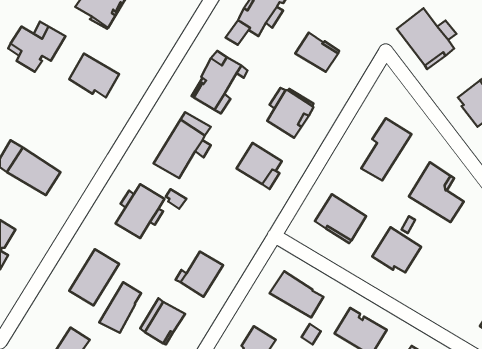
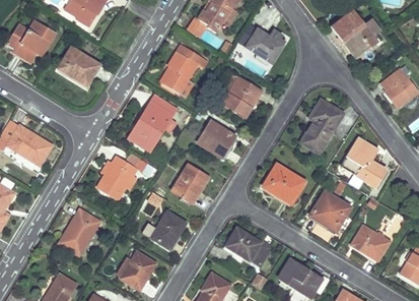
building: none -> [176,164,208,201]
building: none -> [352,225,391,259]
building: [99,282,141,333] -> none

